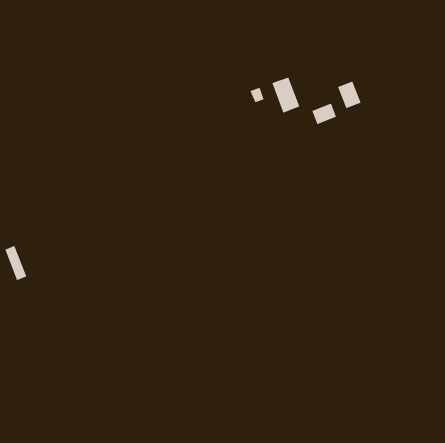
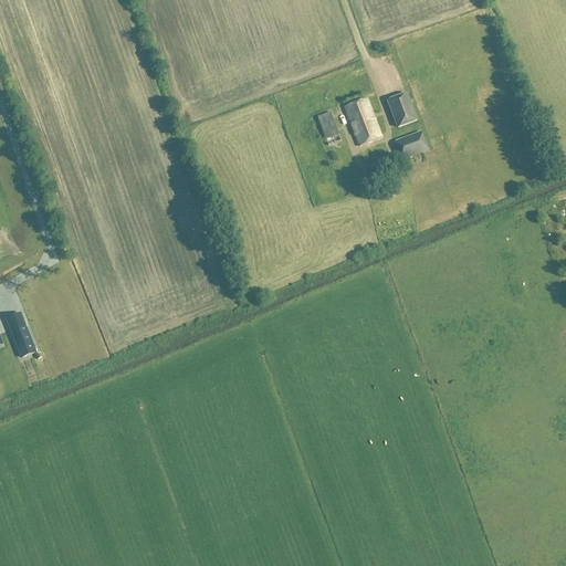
building: [337,81,362,109] -> [385,91,416,126]

